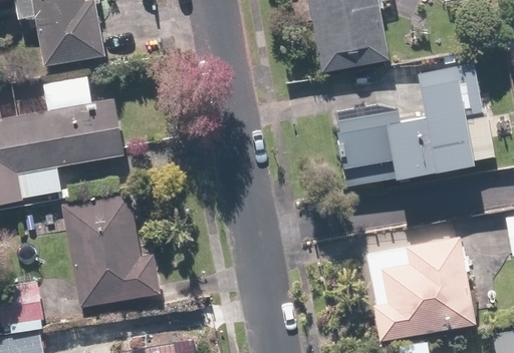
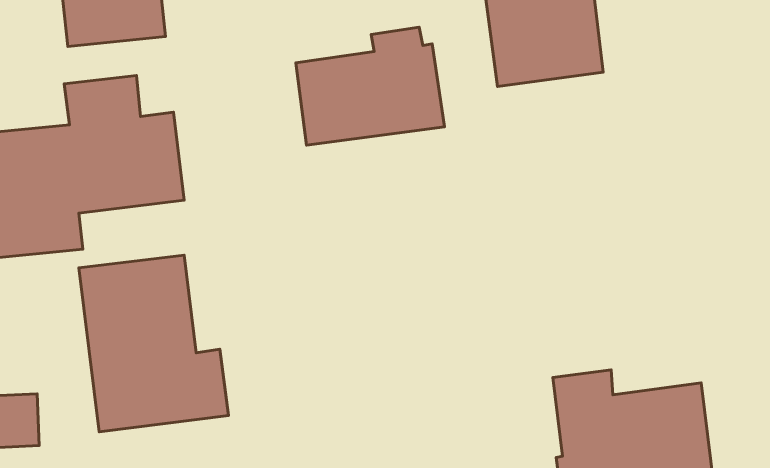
building: none -> [296,27,444,145]
building: [337,55,494,185] -> none

